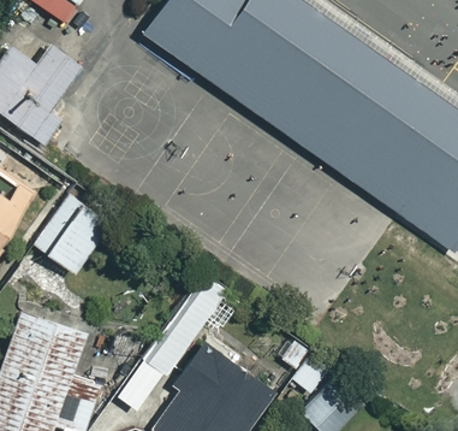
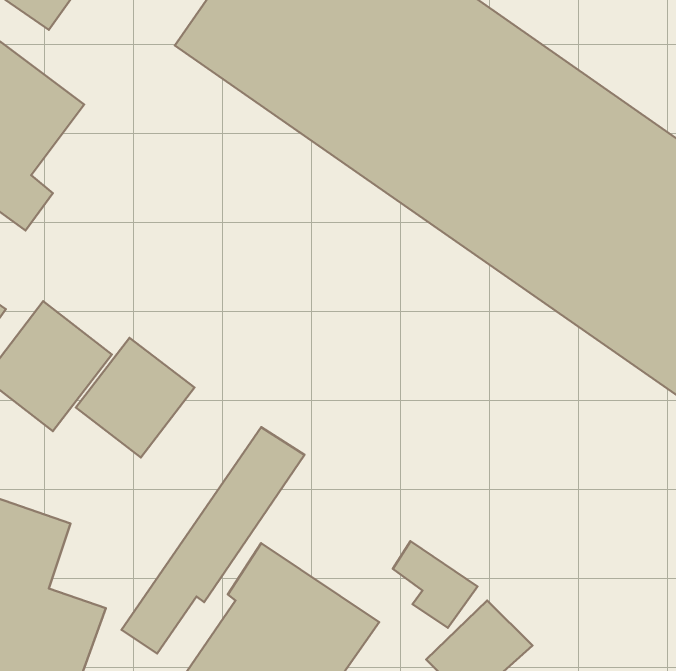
building: none -> [76,338,194,457]

